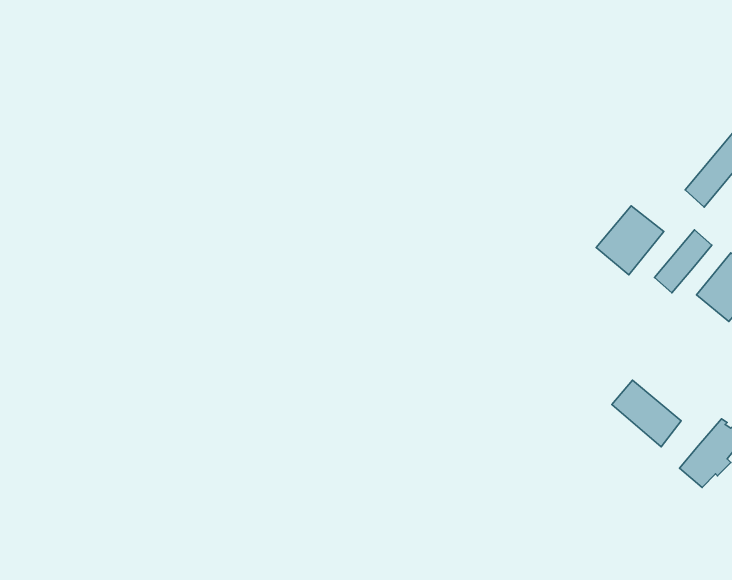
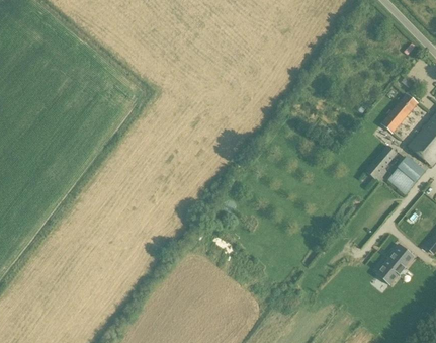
building: [596,206,664,275] -> none
building: [612,380,681,447] -> none

